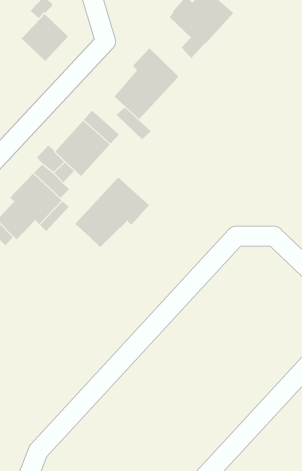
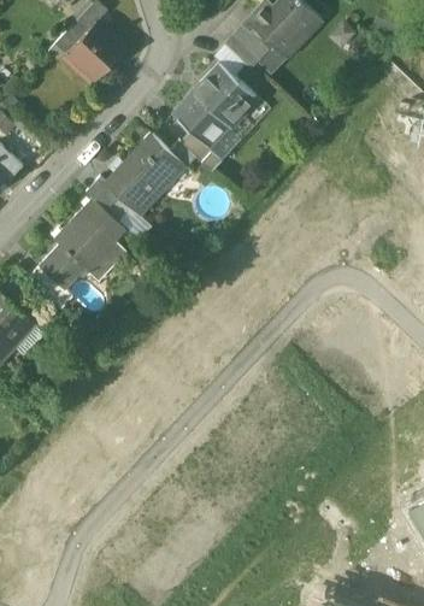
building: none -> [224,27,267,70]
building: [74,176,150,248] -> none

